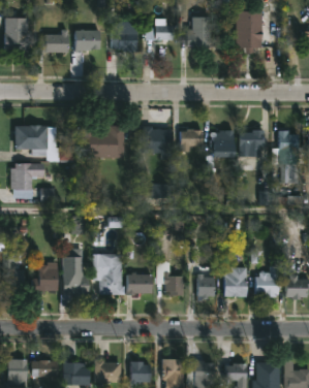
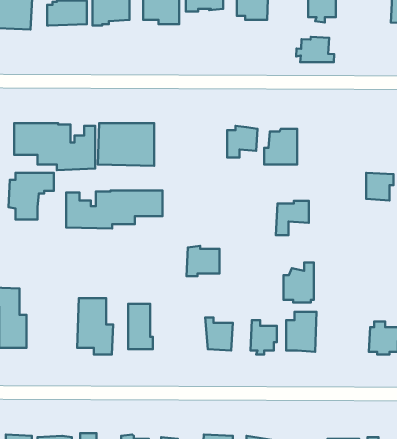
building: none -> [296,37,334,62]
building: [138,126,168,154] -> none
building: [236,130,260,156] -> [276,201,309,235]
building: [276,130,296,154] -> none
building: none -> [66,190,163,229]
building: [35,261,60,294] -> none
building: [252,266,275,296] -> [283,263,314,303]
building: [123,272,148,295] -> [187,246,220,276]

